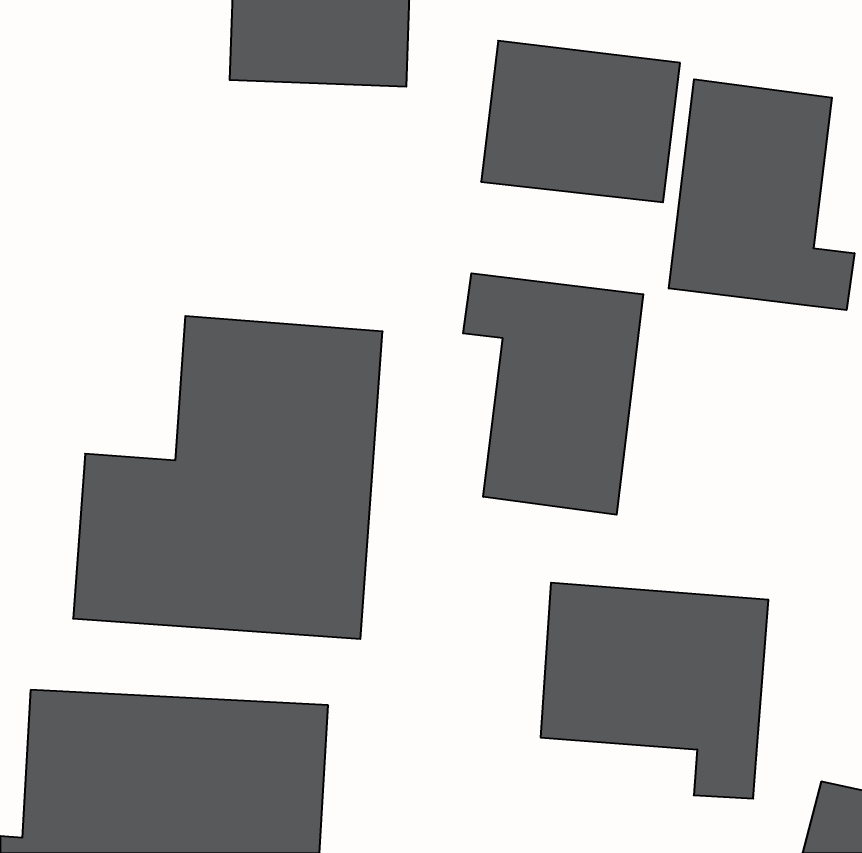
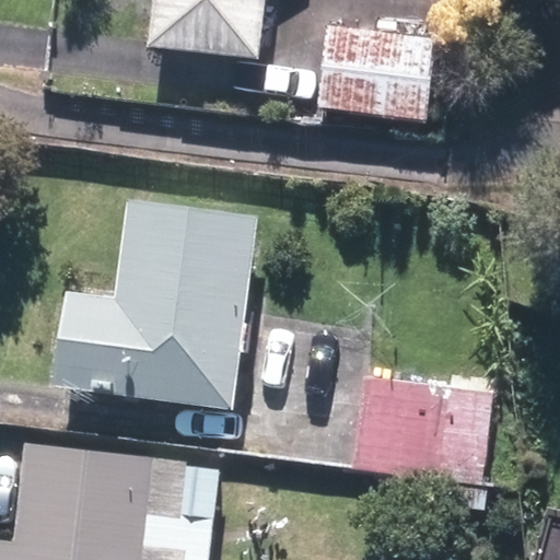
building: [669,79,854,310] -> none
building: [463,273,643,515] -> none

